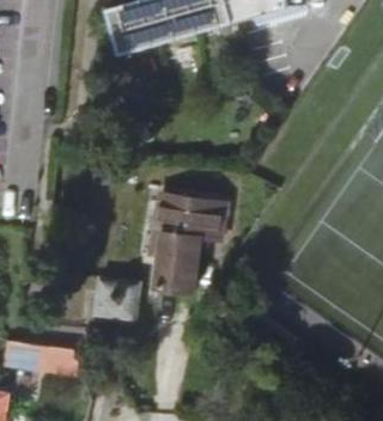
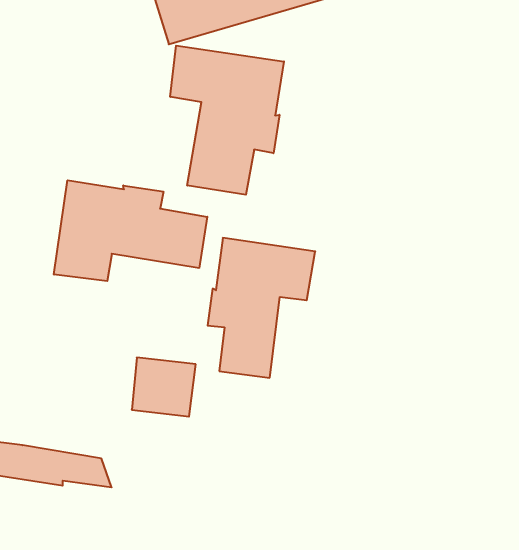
building: none -> [170,46,284,195]
building: none -> [54,180,207,281]

